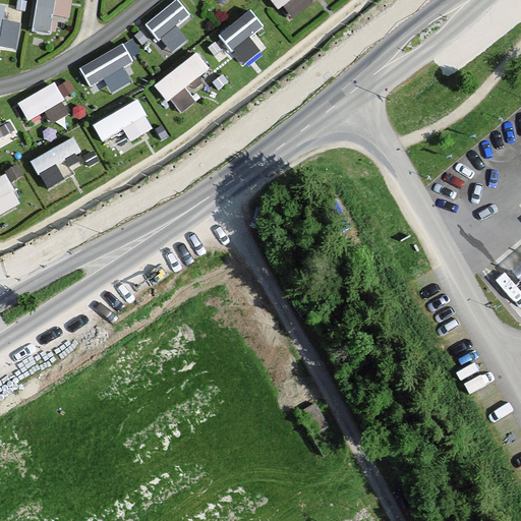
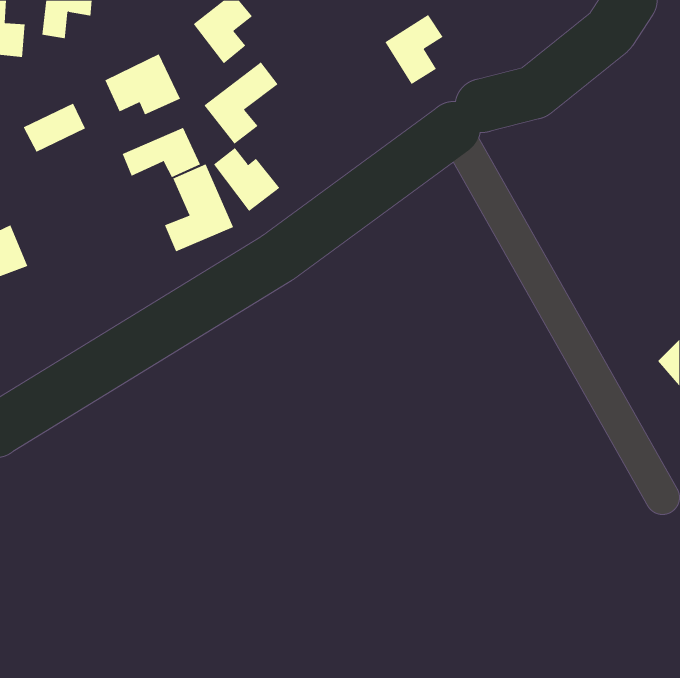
building: [219,10,264,64] -> [384,14,443,85]
building: none -> [213,147,280,212]
building: none -> [164,163,234,252]
building: [32,139,80,188] -> none

